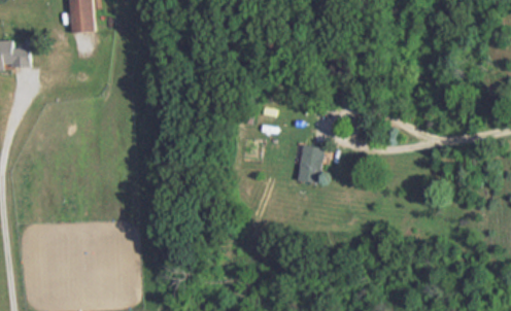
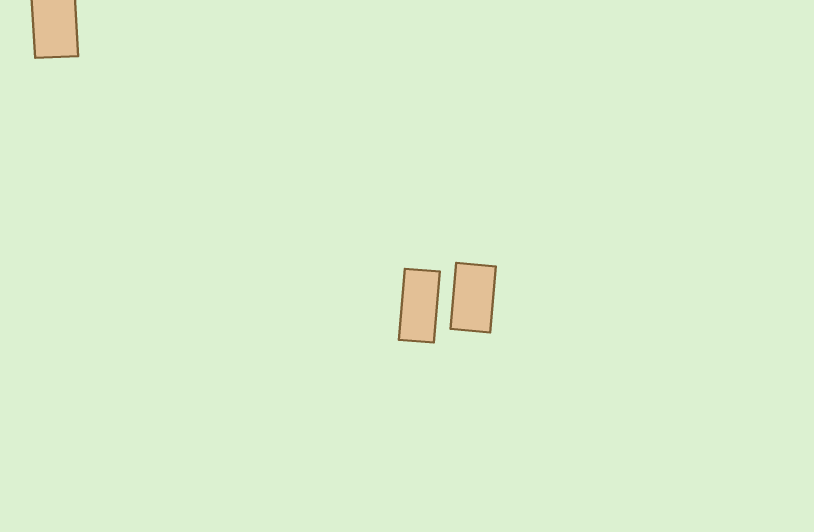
building: none -> [399,269,440,342]

